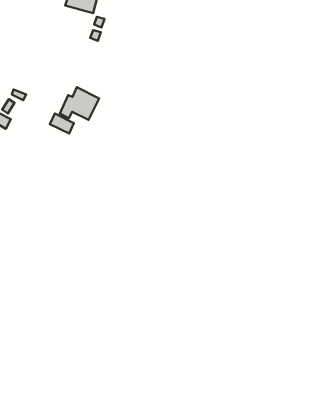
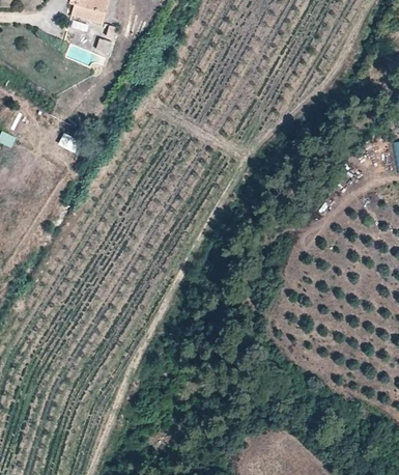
building: [60,87,99,120] -> none

